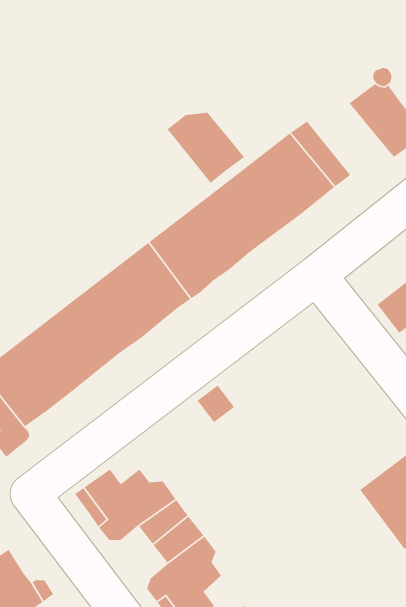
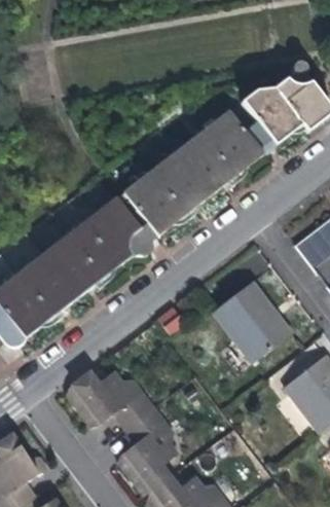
building: [167,112,245,184] -> [244,87,304,143]
building: none -> [213,280,292,362]

